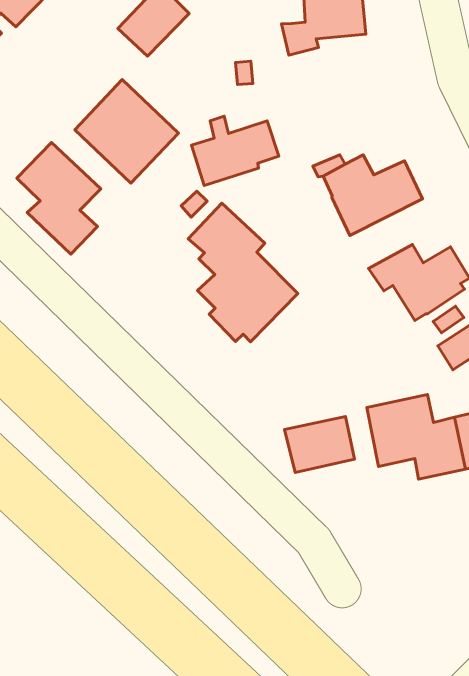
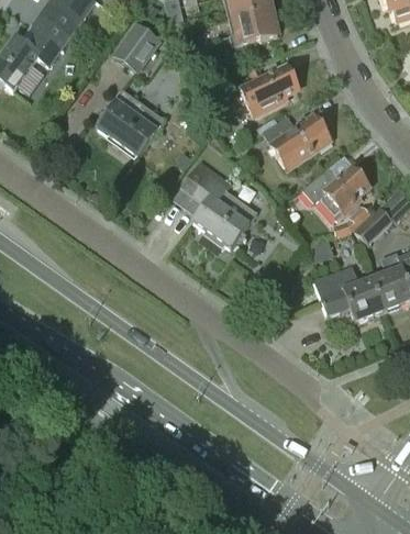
building: [191,116,279,186] -> [241,65,299,113]
building: [17,142,101,254] -> none
building: [285,417,355,473] -> none

